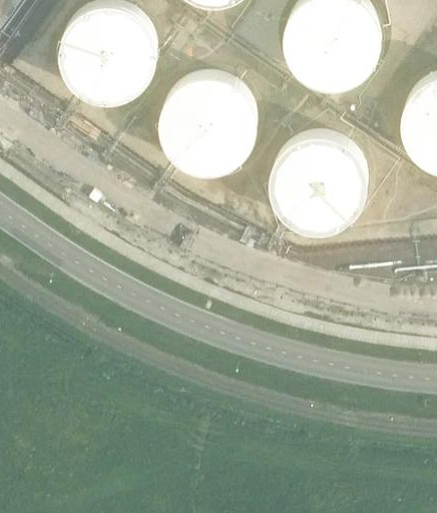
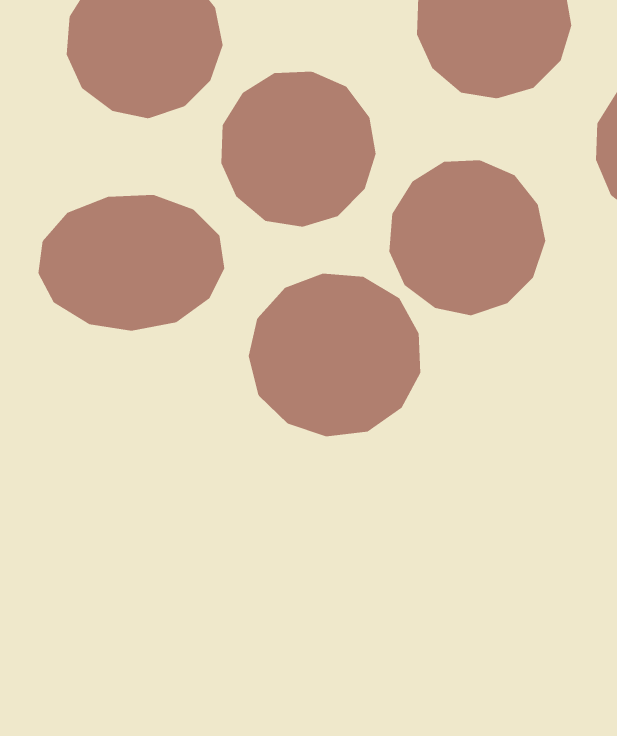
building: none -> [38,194,225,331]
building: none -> [248,273,421,437]

